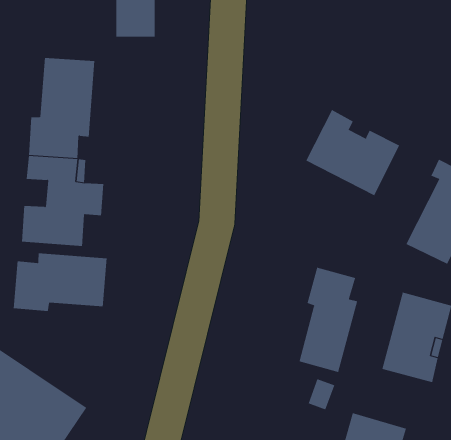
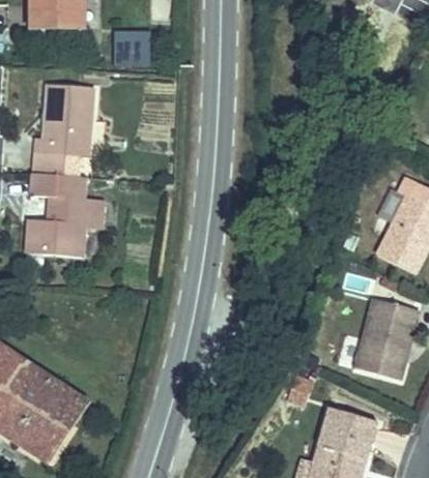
building: [305,109,400,196] -> none
building: [13,253,107,312] -> none
building: [299,267,358,373] -> none

